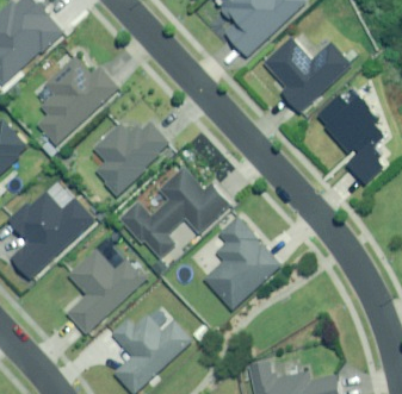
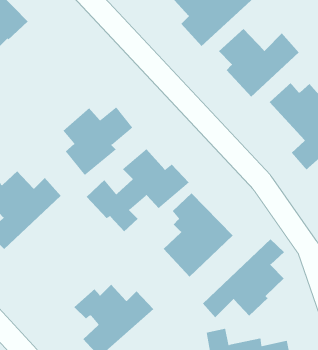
building: [37,56,118,142] -> none
building: [68,250,146,332] -> none
building: none -> [202,238,285,318]

